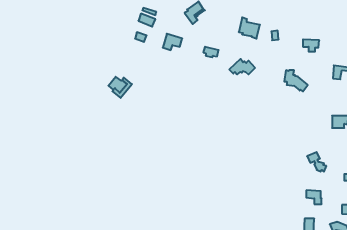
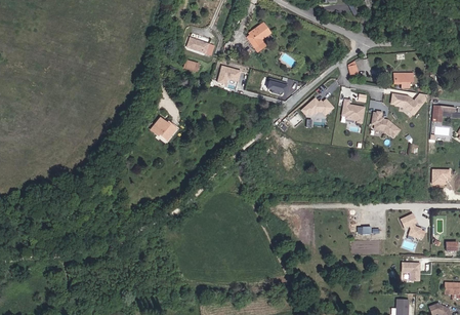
building: [239,17,260,39] -> [341,97,368,124]
building: none -> [391,93,428,115]

